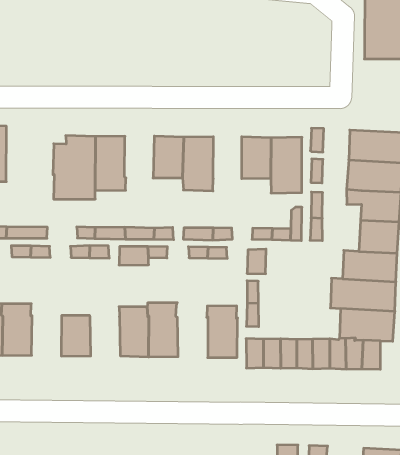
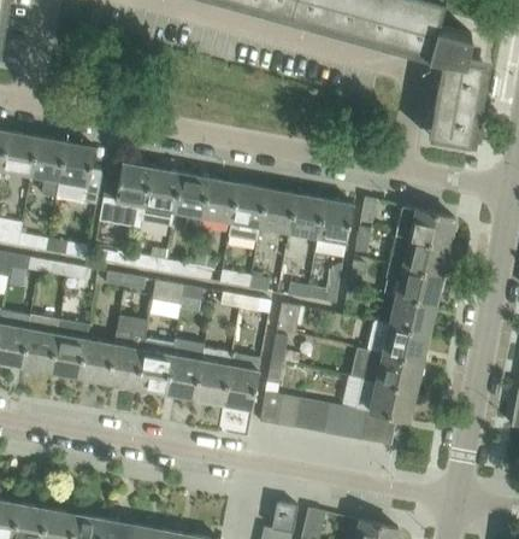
building: none -> [57,143,104,205]
building: none -> [173,174,210,234]
building: none -> [260,189,295,235]
building: none -> [52,322,88,379]
building: none -> [110,333,145,388]
building: none -> [195,348,232,405]

